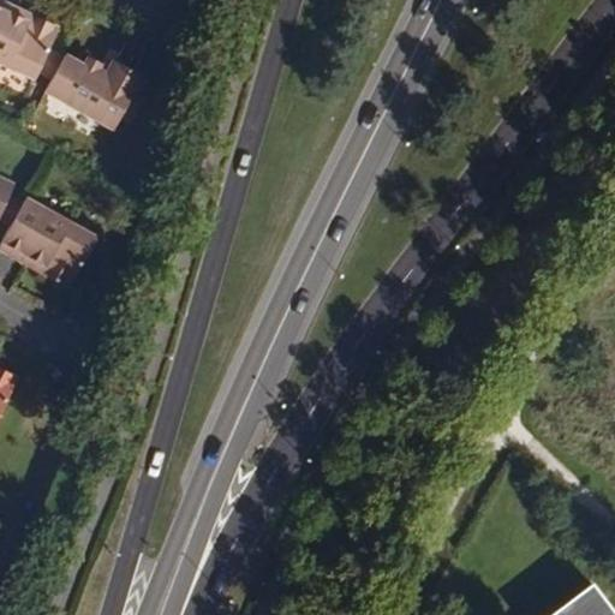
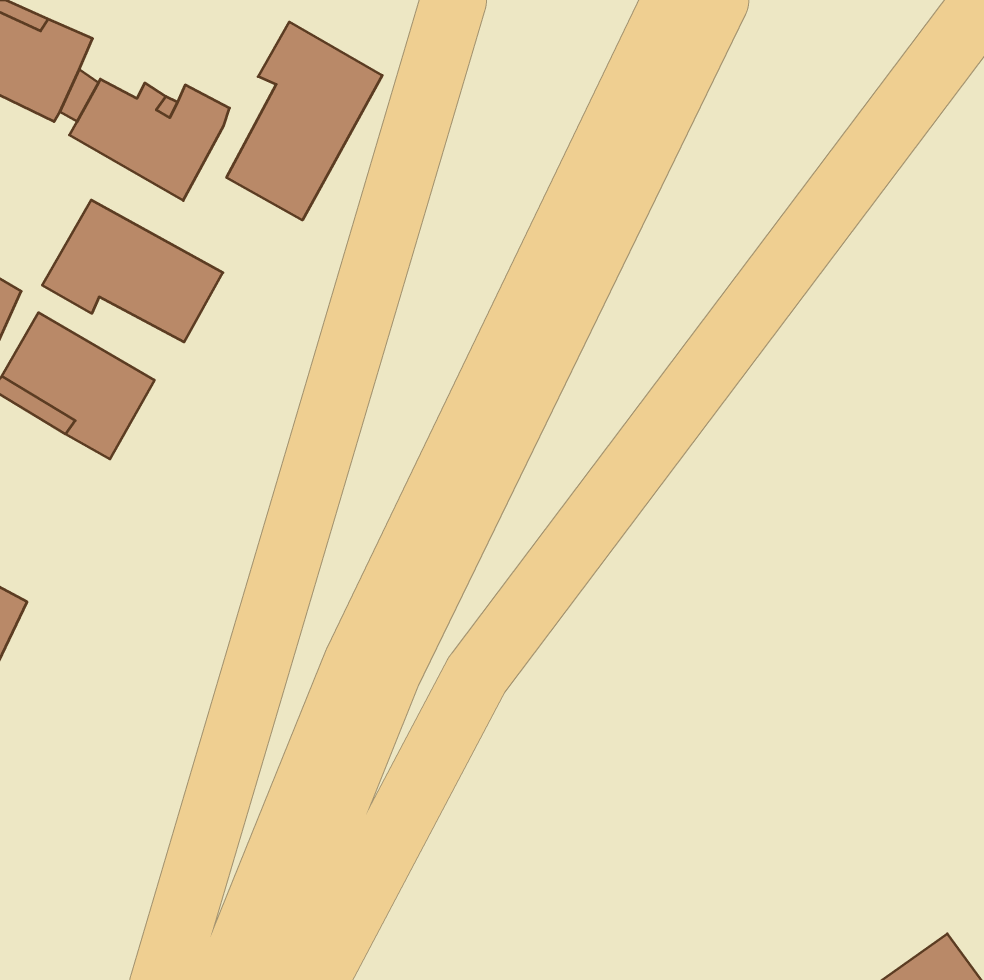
building: none -> [227,22,382,220]
building: none -> [42,200,223,342]

